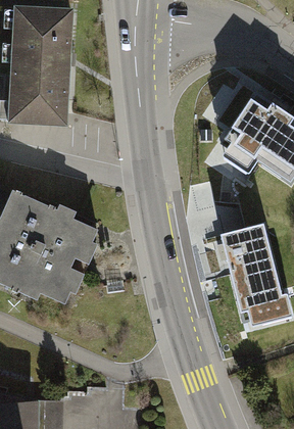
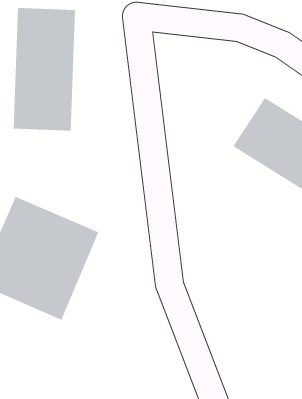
building: [220,225,289,327] -> none

